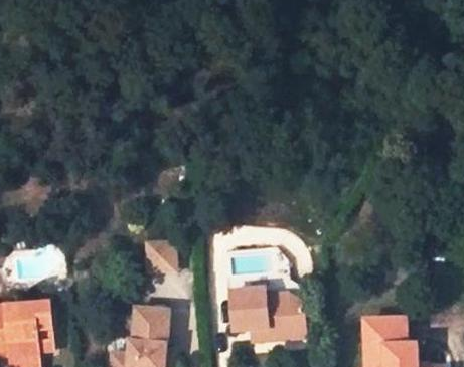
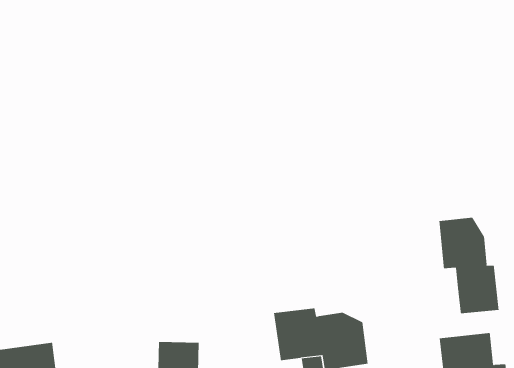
building: none -> [439,217,499,314]
building: [143,239,174,271] -> none

